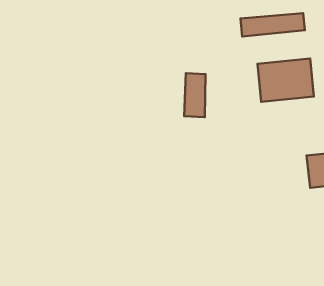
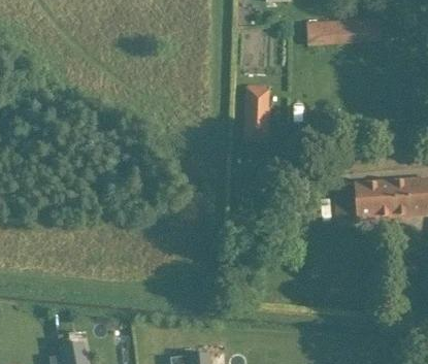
building: [258,59,314,102] -> none
building: none -> [337,181,392,222]

